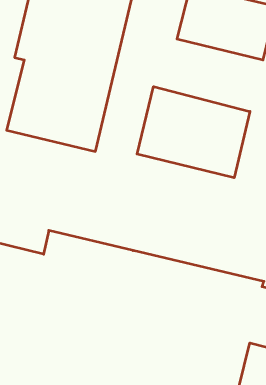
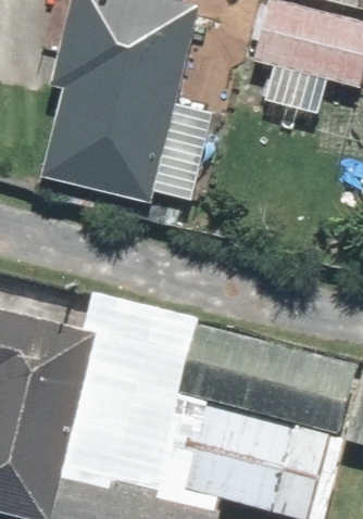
building: [137,87,250,178] -> none

